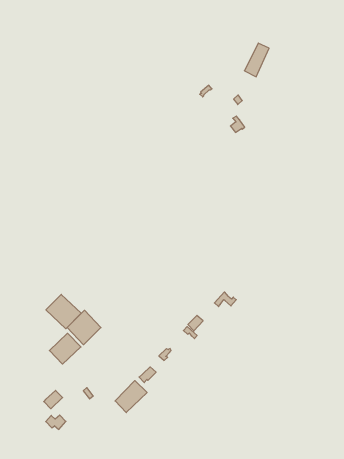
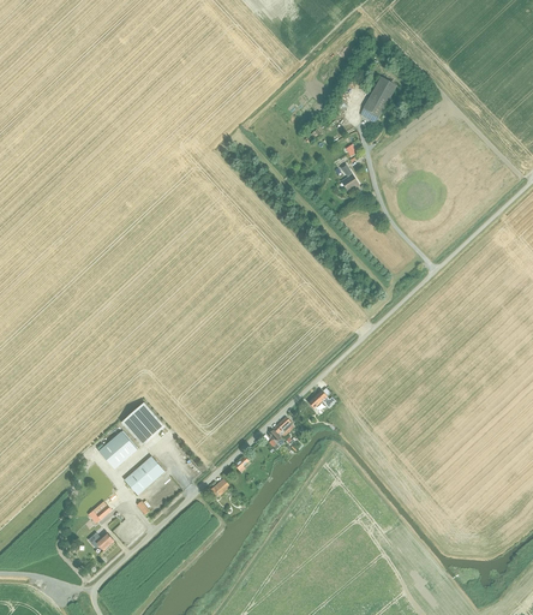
building: [46,294,81,329] -> none
building: [115,381,147,413] -> [124,455,164,495]

